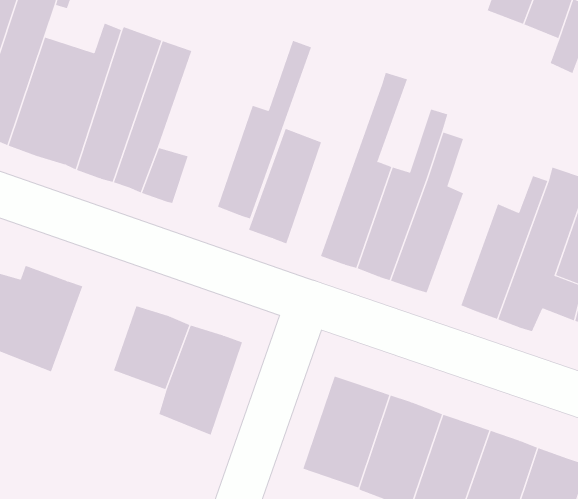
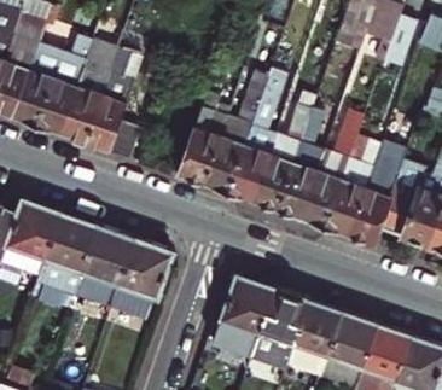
building: [217,40,312,219] -> [202,72,267,196]
building: none -> [298,112,364,229]
building: none -> [40,216,98,290]

